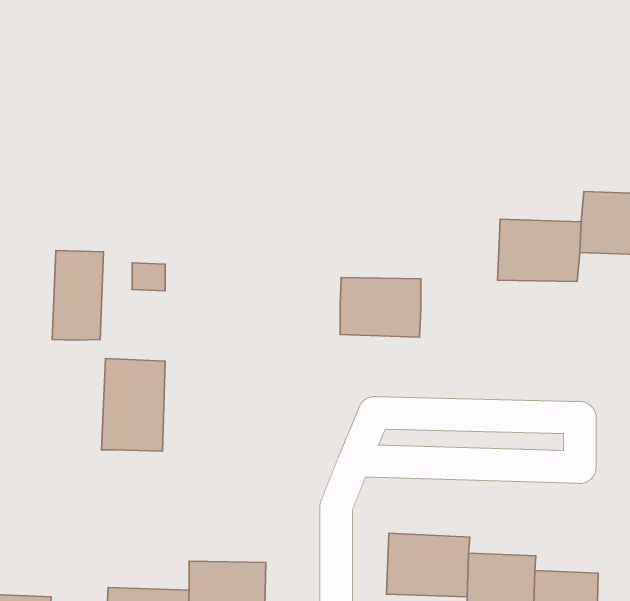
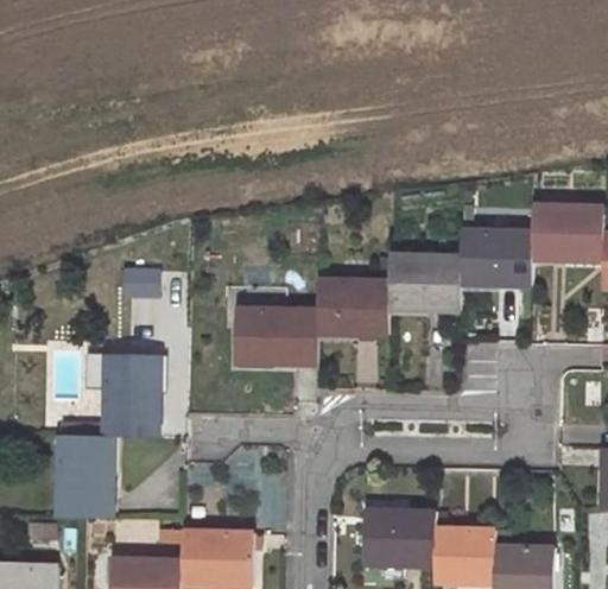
building: none -> [391,255,461,310]
building: [52,251,104,340] -> none
building: none -> [235,305,318,362]
building: none -> [58,435,115,518]

